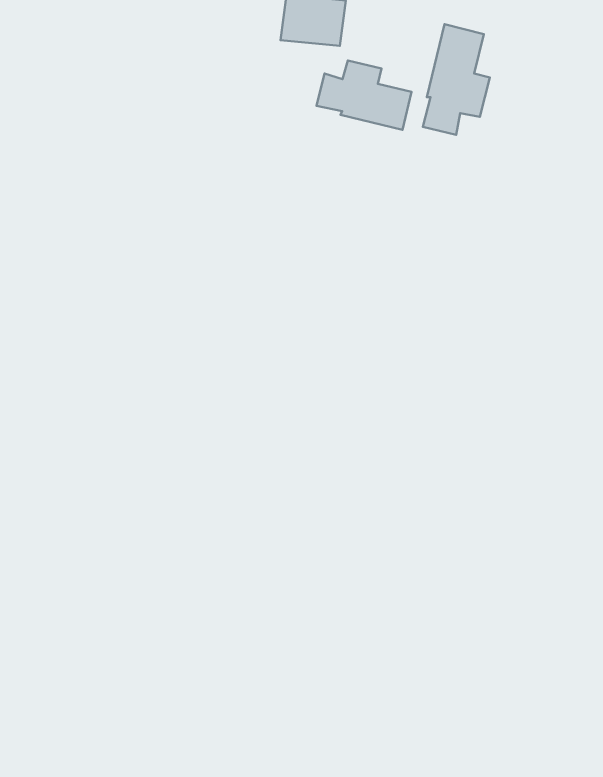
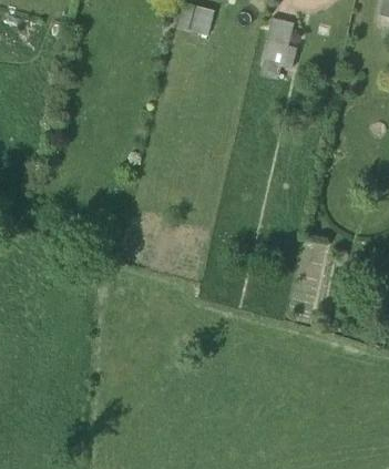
building: [317,61,412,130] -> none

